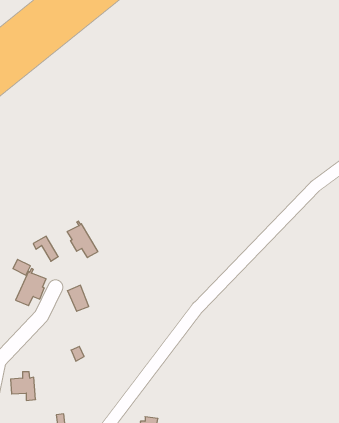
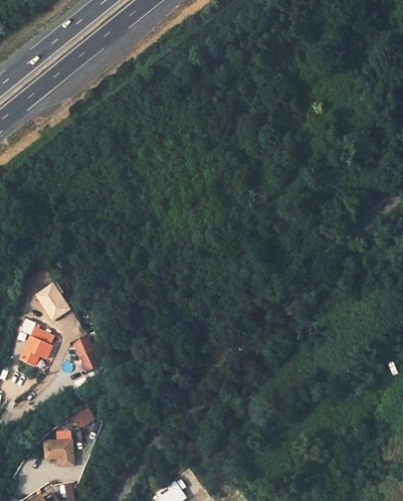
building: [67,221,98,258] -> none
building: [11,372,36,400] -> [45,434,72,465]

